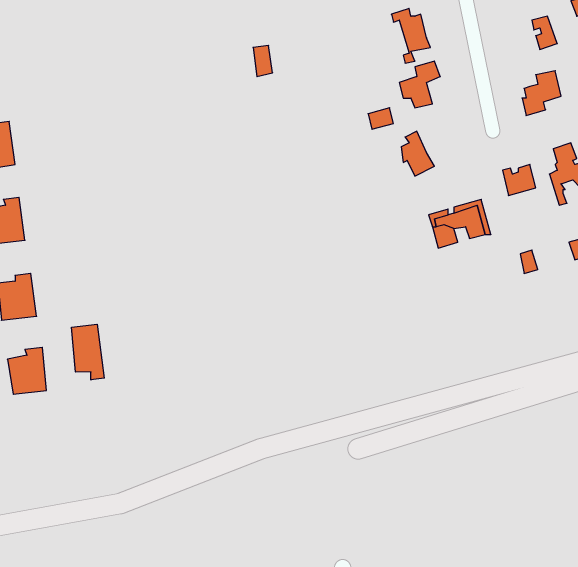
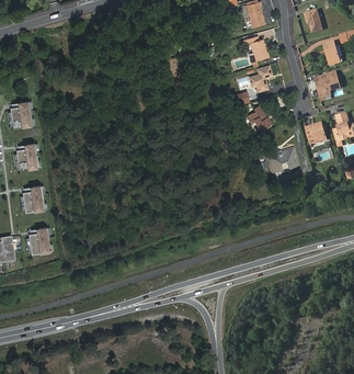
building: [72,324,104,380] -> none

